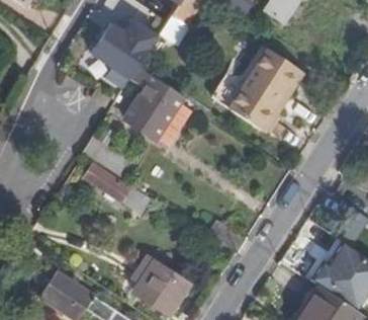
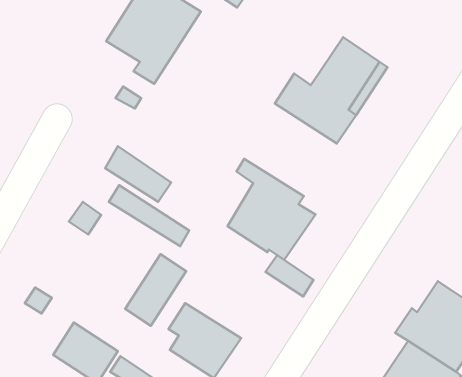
building: [124,67,193,146] -> [227,159,315,260]
building: none -> [125,254,186,326]

